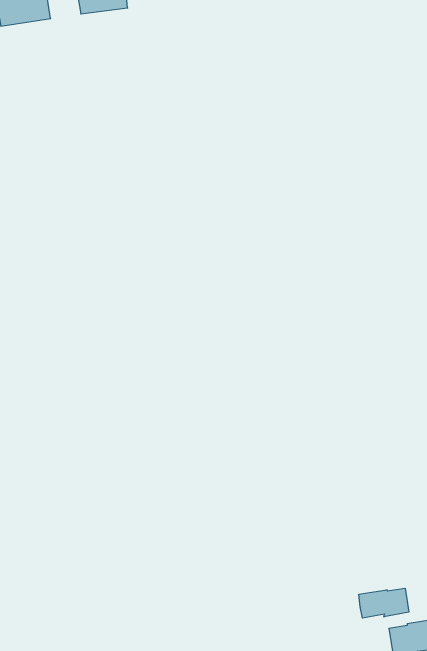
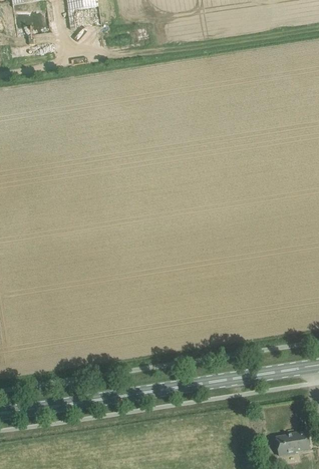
building: [359,588,409,618] -> none

